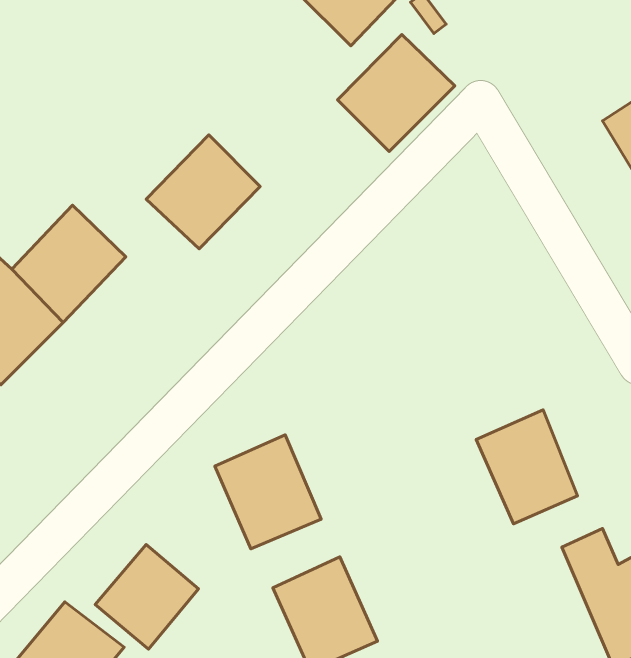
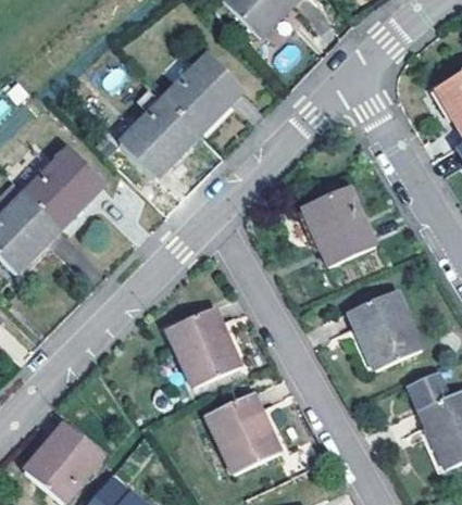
building: [338,34,455,152] -> [162,53,244,135]
building: none -> [302,188,375,266]
building: [95,544,199,649] -> none

